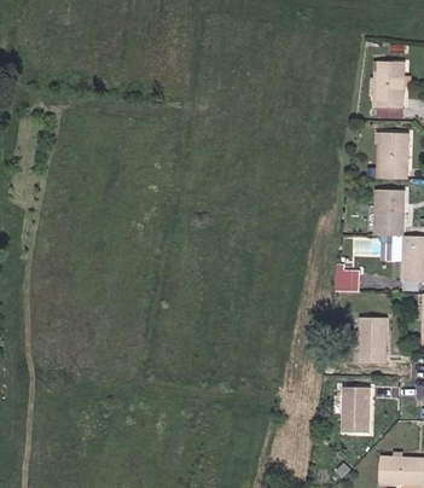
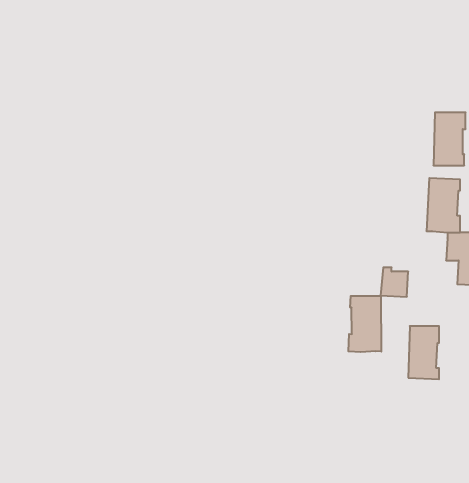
building: [370,62,405,108] -> none
building: none -> [348,296,381,352]
building: [342,387,370,434] -> none

